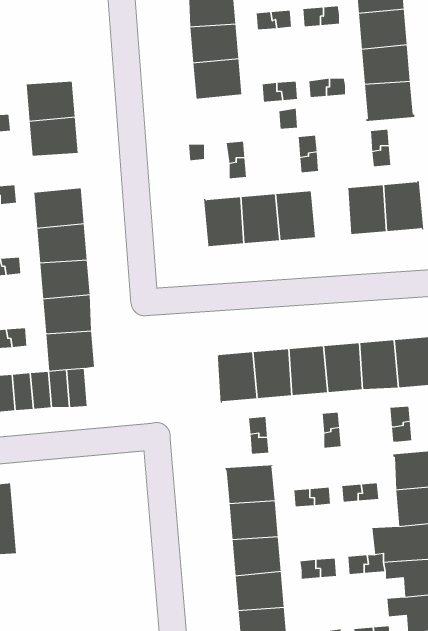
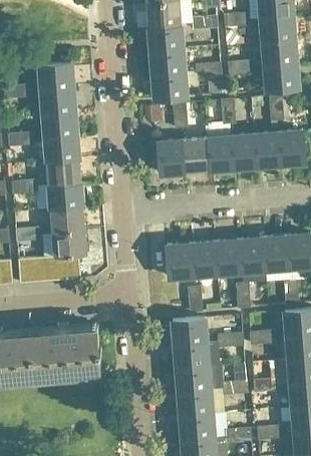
building: none -> [152,72,187,99]
building: none -> [43,111,76,137]
building: none -> [230,134,256,167]
building: none -> [29,324,100,378]

